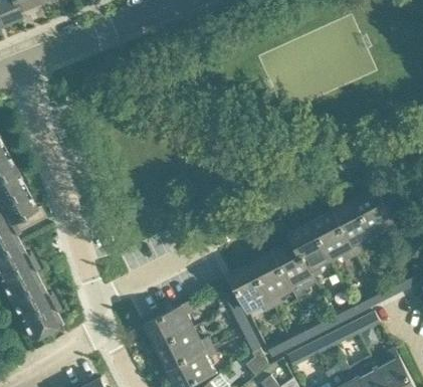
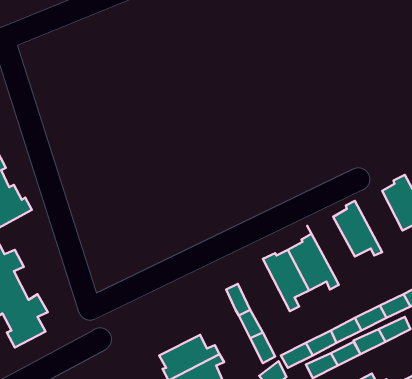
building: [331,201,373,255] -> none
building: [288,224,331,276] -> none
building: [230,261,273,312] -> none
building: [144,303,194,347] -> none

